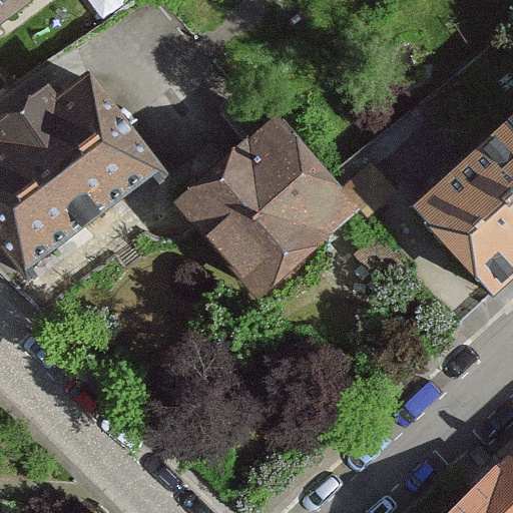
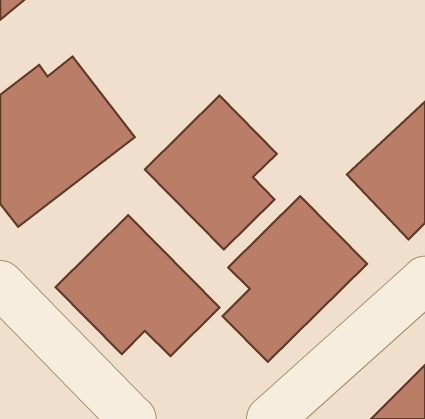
building: none -> [222,196,367,362]
building: none -> [55,215,220,356]

